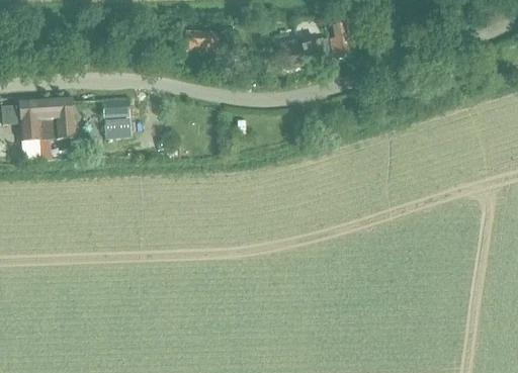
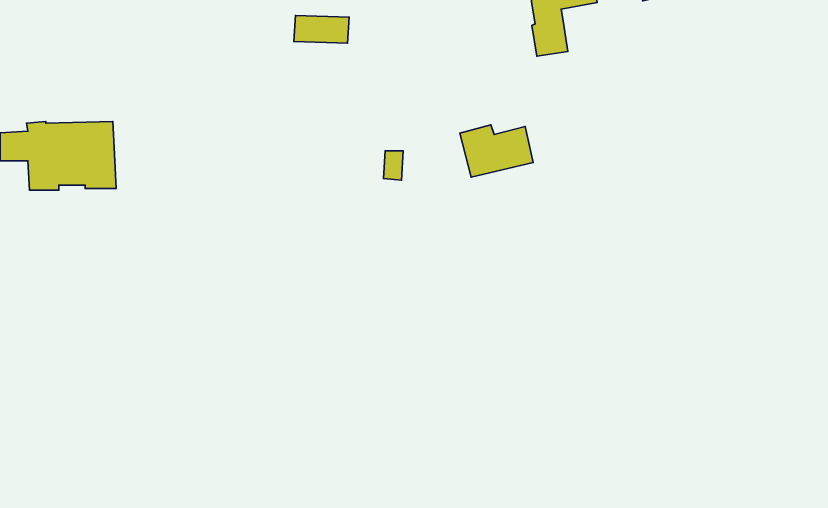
building: [278,36,324,69] -> [460,125,533,177]
building: [101,98,134,134] -> none

